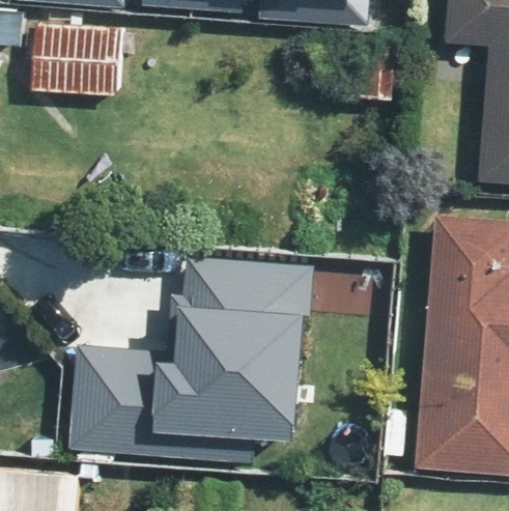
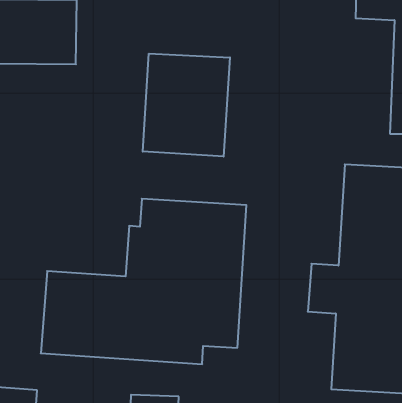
building: none -> [143,54,230,157]

